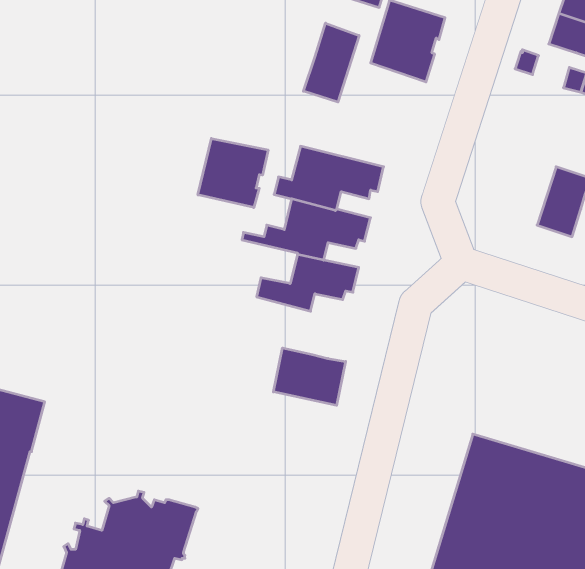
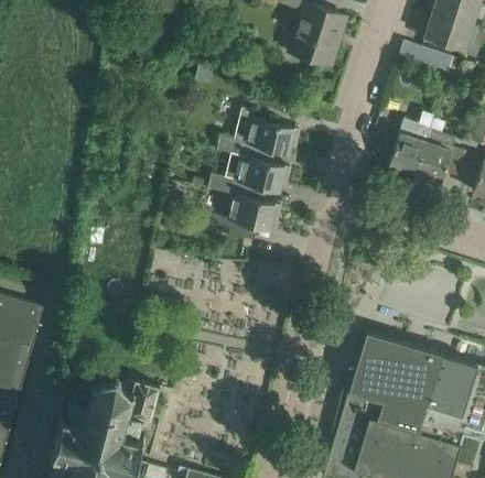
building: [303,23,359,102] -> none
building: [198,138,268,208] -> none
building: none -> [389,119,431,174]
building: [273,348,346,405] -> none

